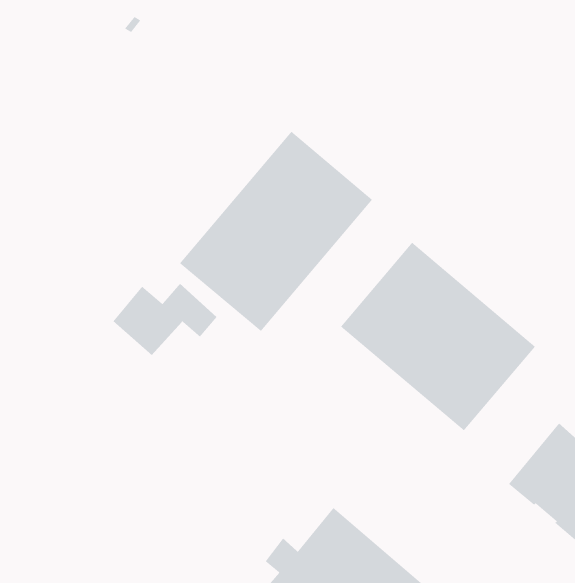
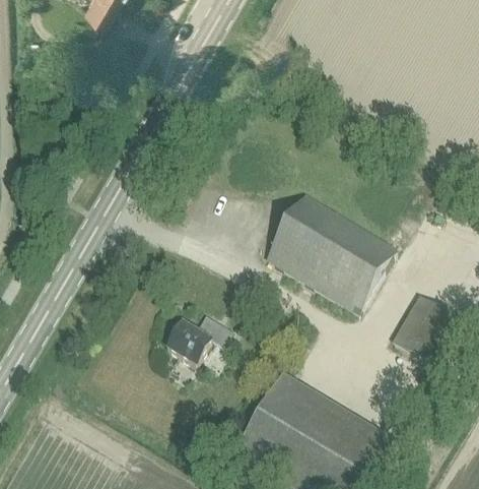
building: [179,131,373,332] -> none
building: [113,283,218,356] -> [163,311,231,362]

